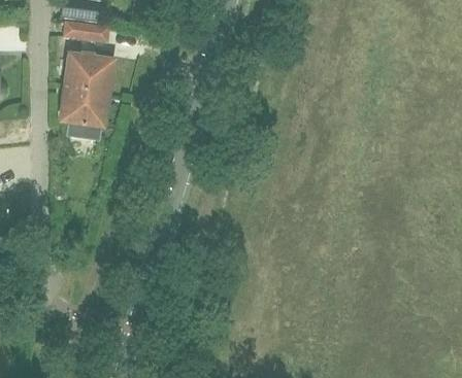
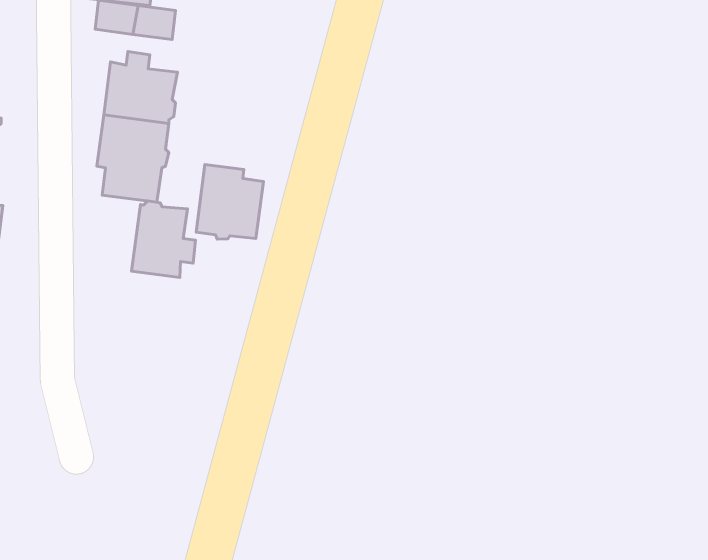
building: none -> [196,164,264,239]
building: none -> [132,201,196,278]

